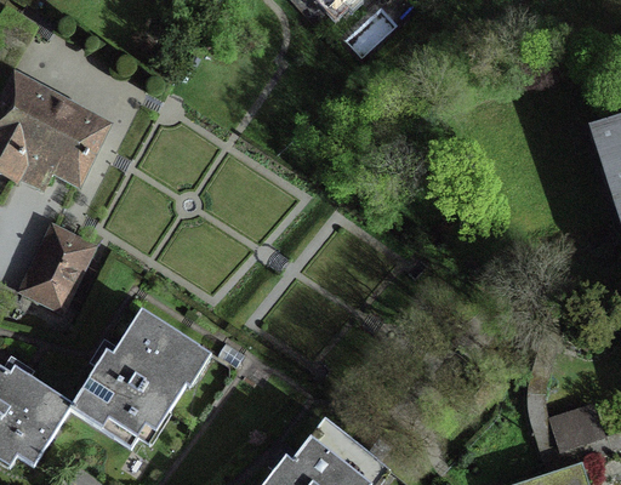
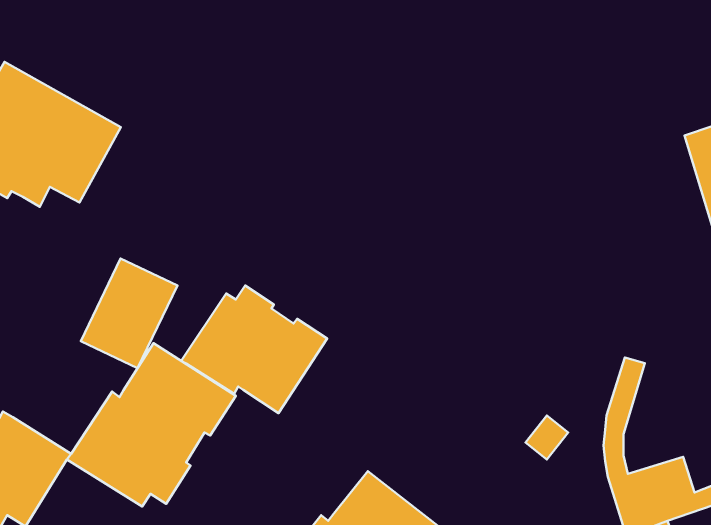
building: [17,218,99,312] -> [81,259,177,368]
building: none -> [181,285,327,413]

